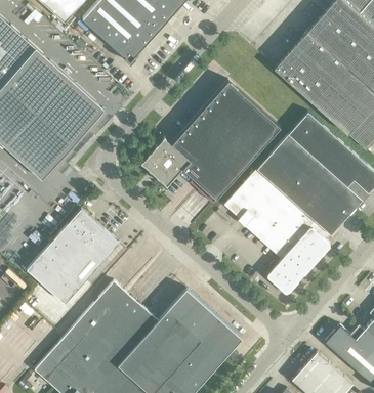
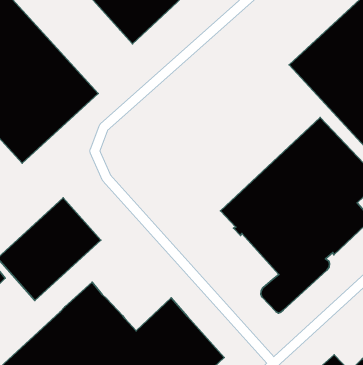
building: [141,82,282,203] -> none

